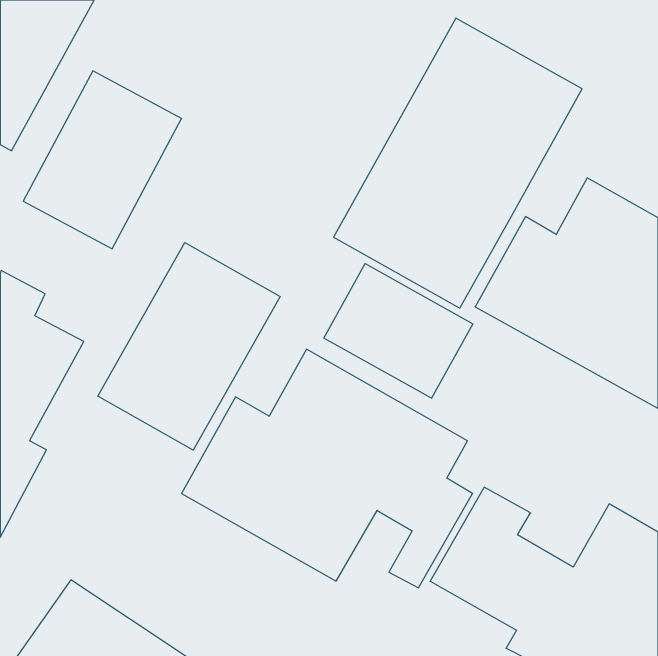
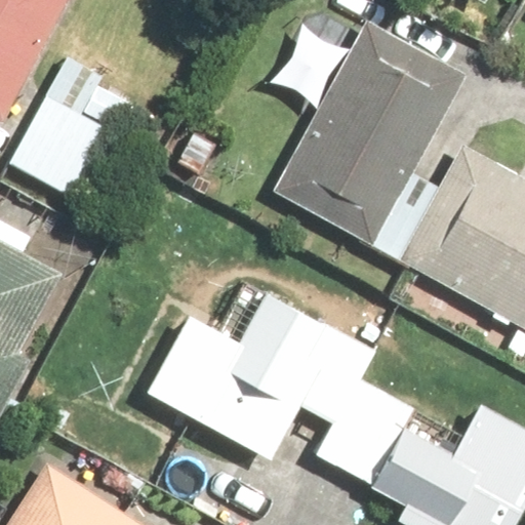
building: [98,243,280,450] -> none
building: [324,264,473,398] -> none

